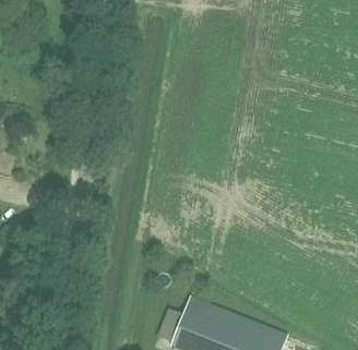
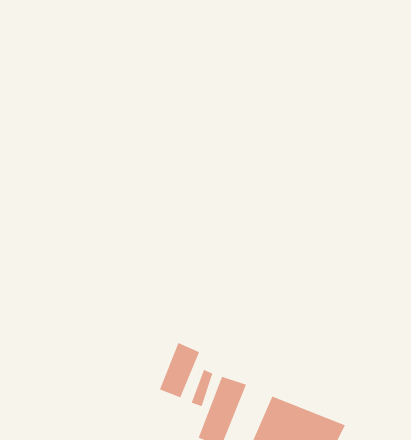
building: none -> [159,342,200,398]

